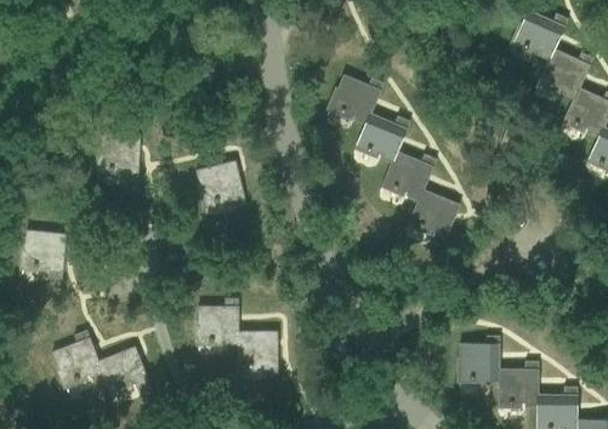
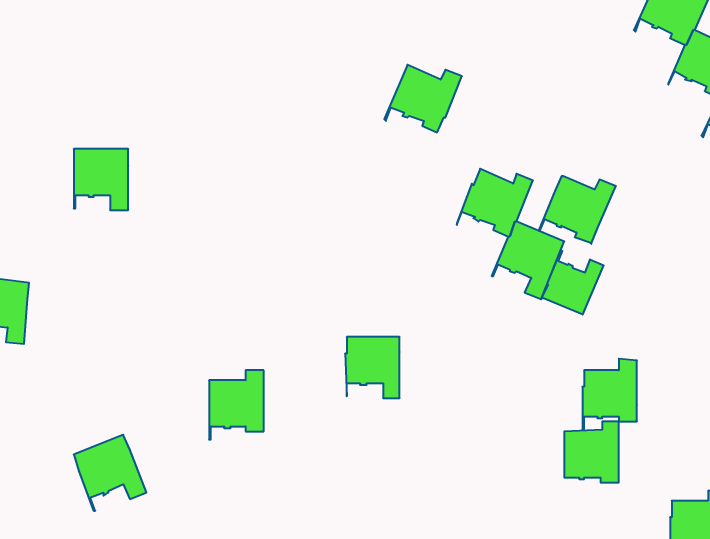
building: [353,114,410,164] -> [538,176,616,244]
building: [197,161,245,213] -> none
building: none -> [542,250,604,315]
building: [52,331,102,393] -> none
building: [237,332,277,377] -> [345,337,400,398]
building: [498,361,538,413] -> [582,359,637,430]

